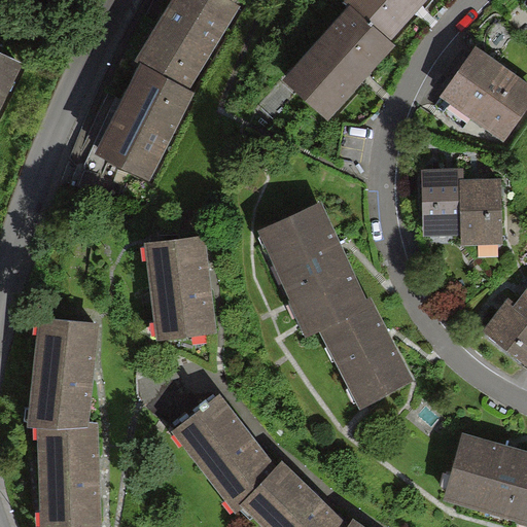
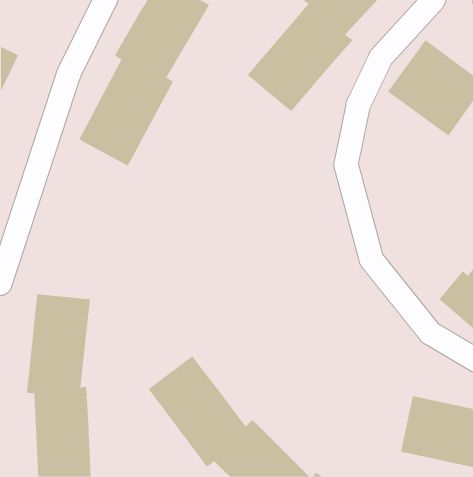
building: [427,171,510,248] -> none
building: [252,202,412,410] -> none
building: [149,240,222,346] -> none

